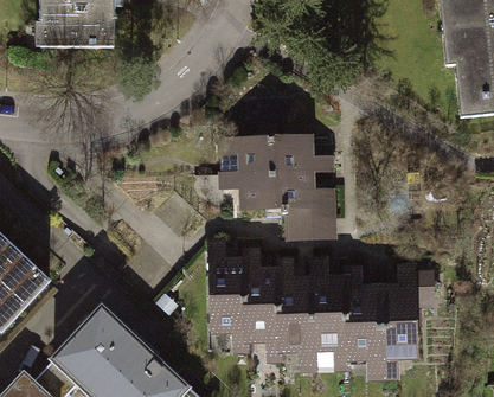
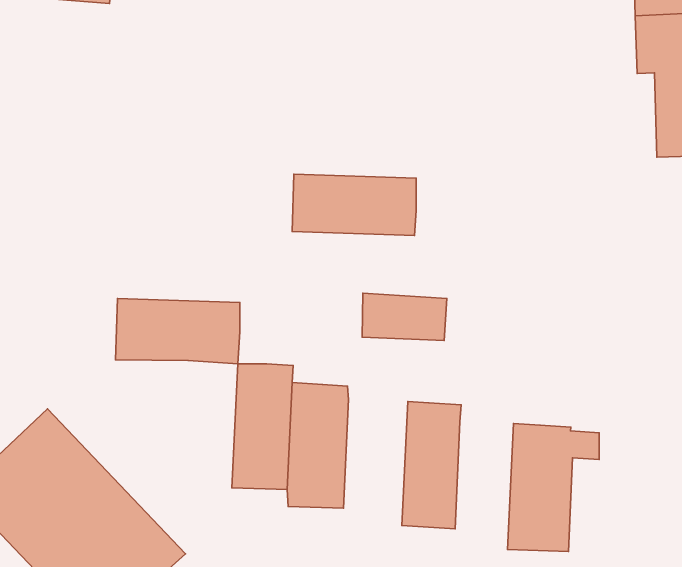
building: [238,172,315,212] -> [116,299,240,364]
building: [280,275,317,353] -> none
building: [349,284,384,363] -> none

